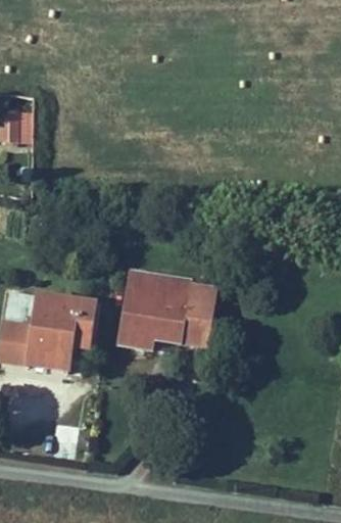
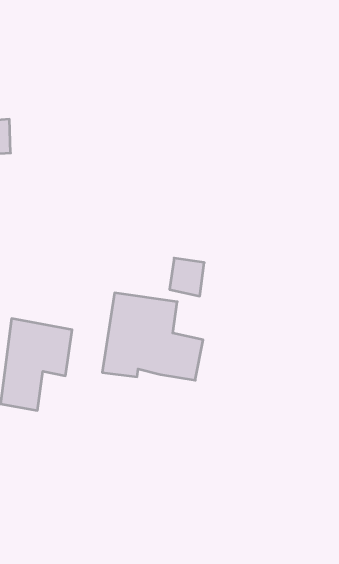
building: [182,278,213,313] -> [170,258,204,296]

